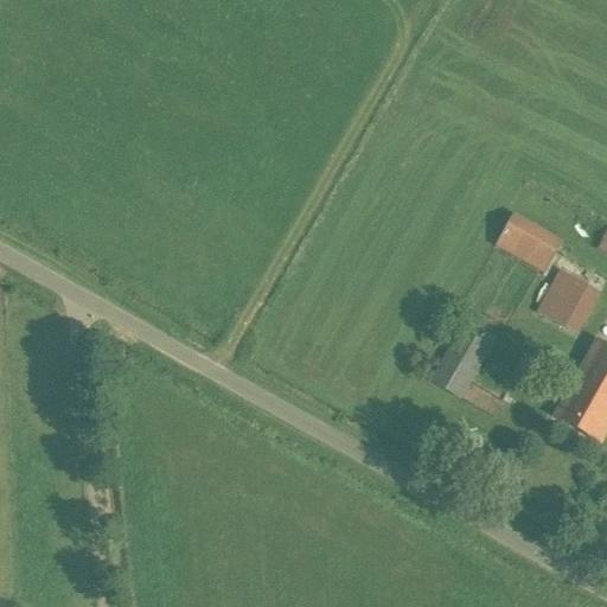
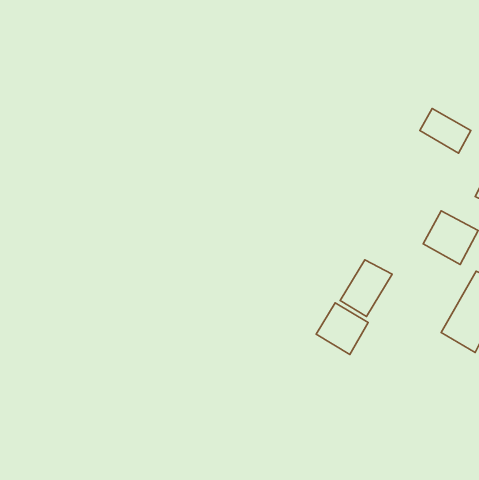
building: [498,216,562,271] -> [420,109,471,153]
building: none -> [316,303,368,355]

